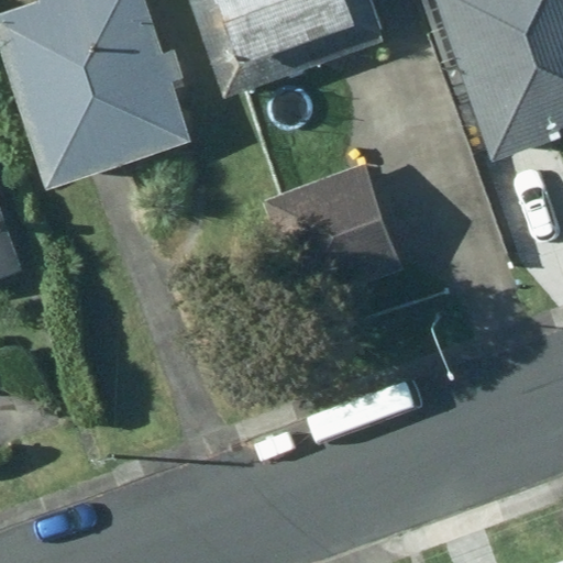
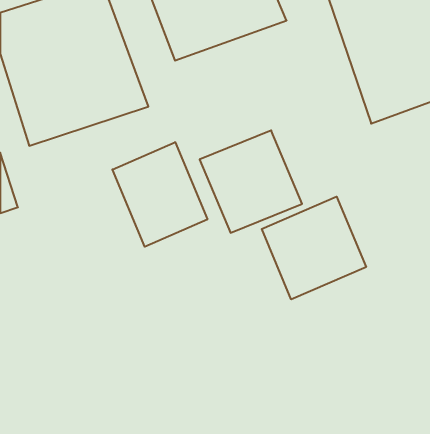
building: none -> [112,142,207,247]
building: none -> [262,197,366,299]

